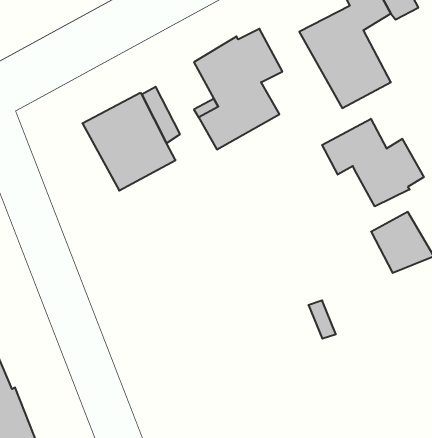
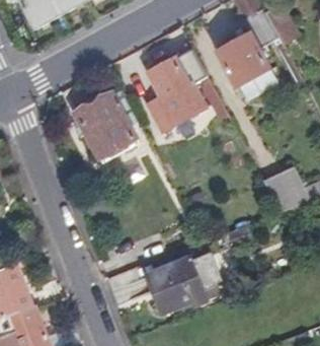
building: [322,119,424,206] -> none
building: none -> [148,254,221,315]

